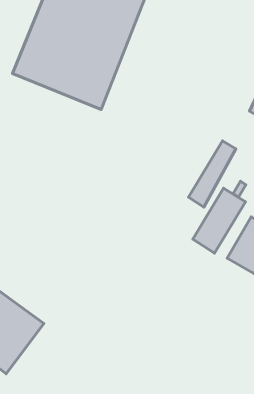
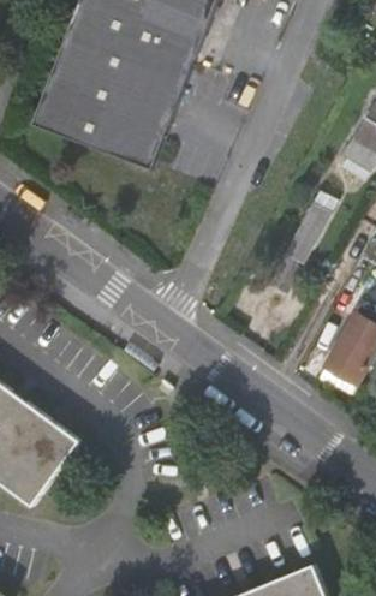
building: [193,188,246,253] -> none

